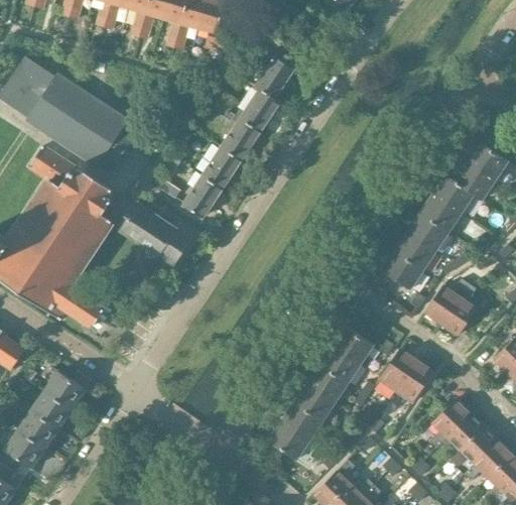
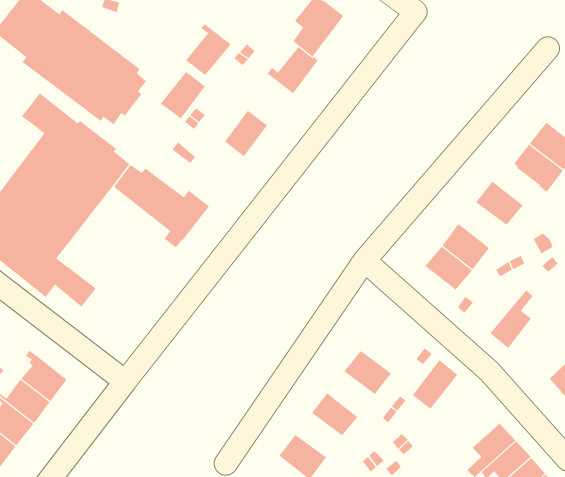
building: [221,116,259,160] -> [185,24,231,76]
building: [433,174,474,213] -> none
building: [182,176,221,218] -> [160,71,206,119]
building: [407,213,448,251] -> none
building: [424,279,469,324] -> none
building: [332,326,373,364] -> none
building: [395,361,432,403] -> none
building: [305,365,347,403] -> none
building: [281,402,321,439] -> none

